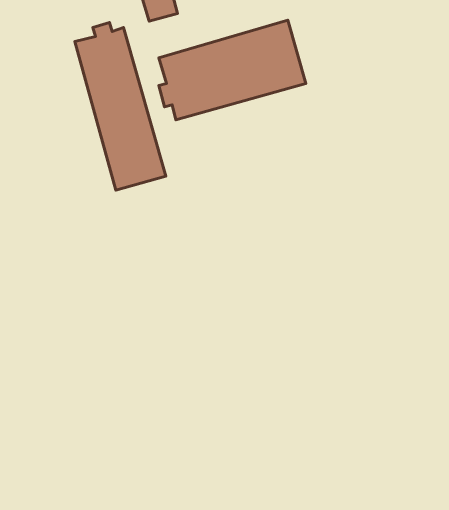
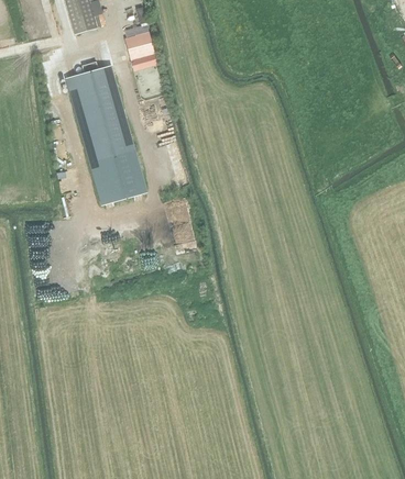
building: [159,20,306,120] -> none

